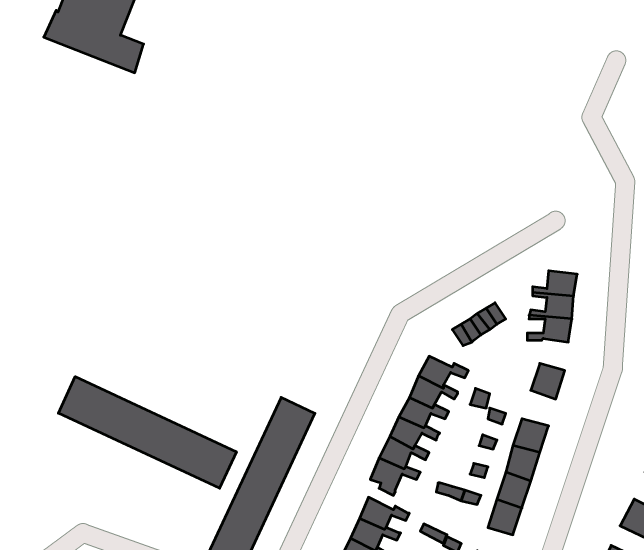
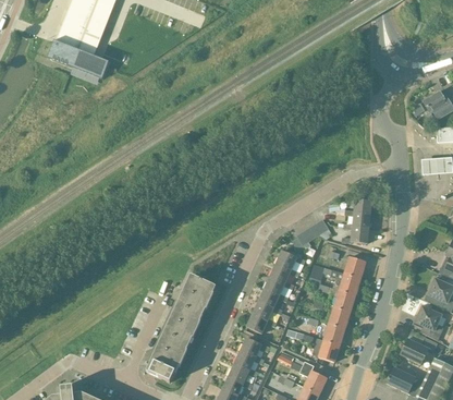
building: [58,377,236,488] -> none
building: none -> [323,266,360,293]

